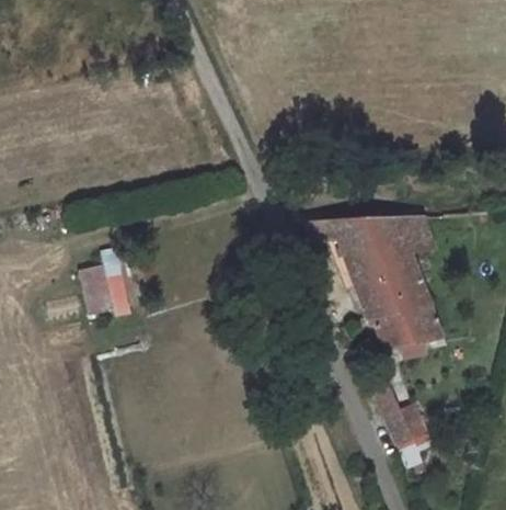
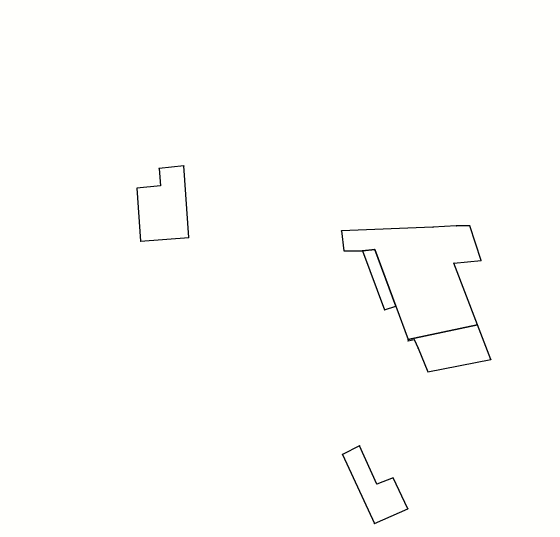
building: [82,250,128,317] -> [137,166,189,241]
building: [371,376,429,445] -> [342,446,408,524]

